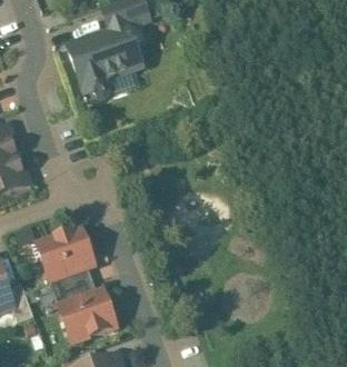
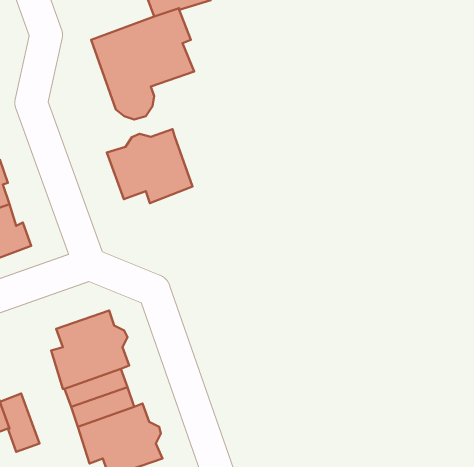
building: none -> [107,129,193,203]

